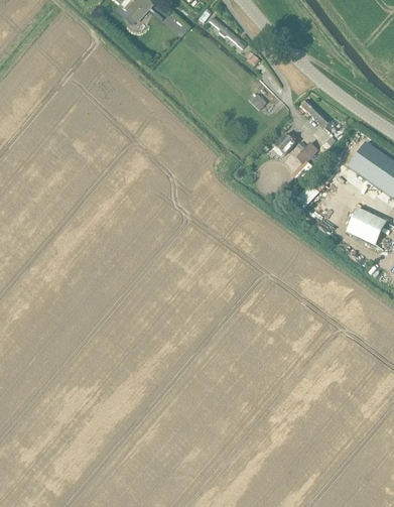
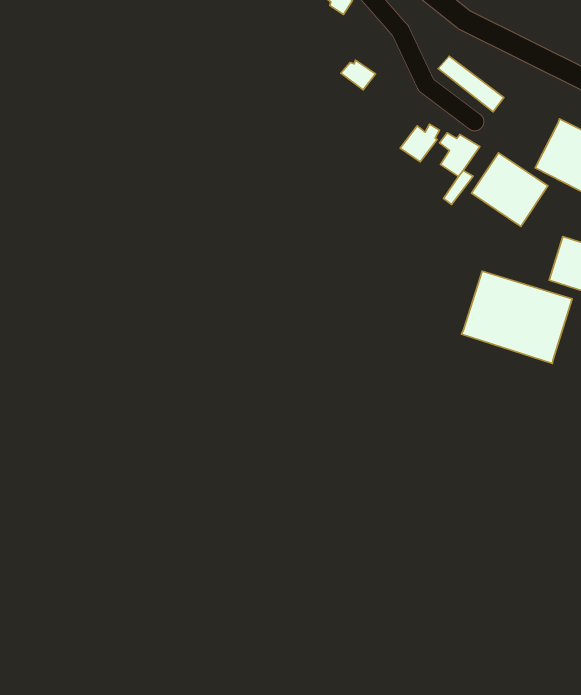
building: none -> [472,153,548,226]
building: none -> [462,271,572,364]

